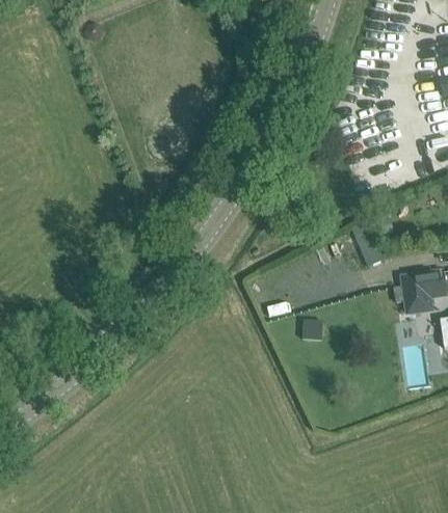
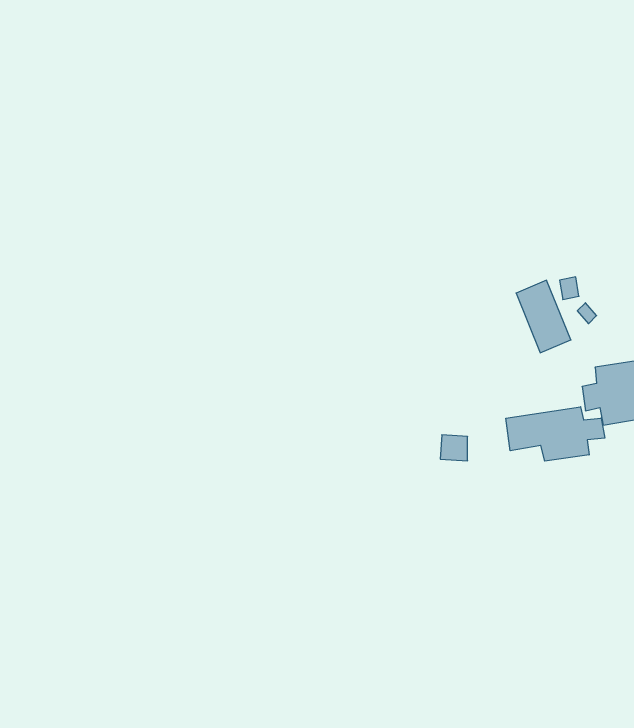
building: none -> [506,407,605,461]

